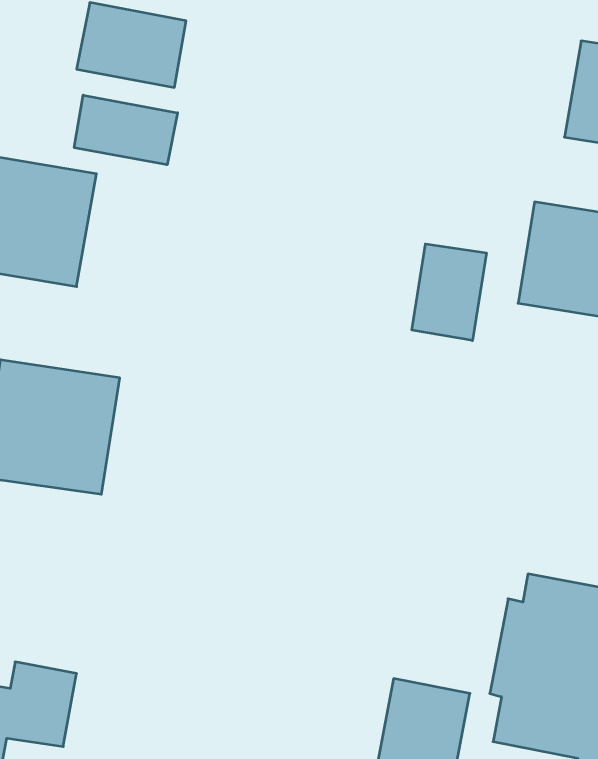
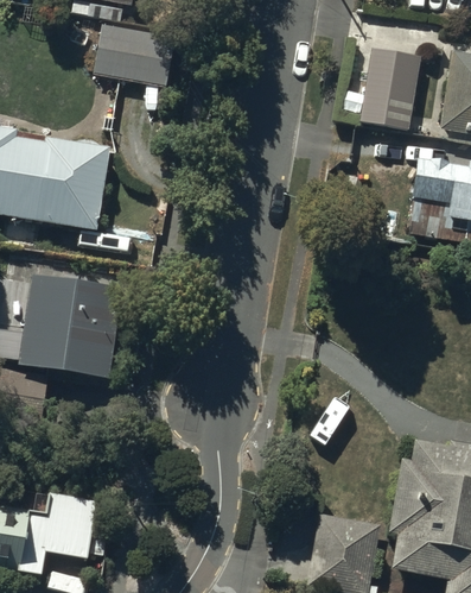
building: none -> [362,45,416,119]
building: [74,95,178,165] -> none
building: [412,244,486,341] -> none

